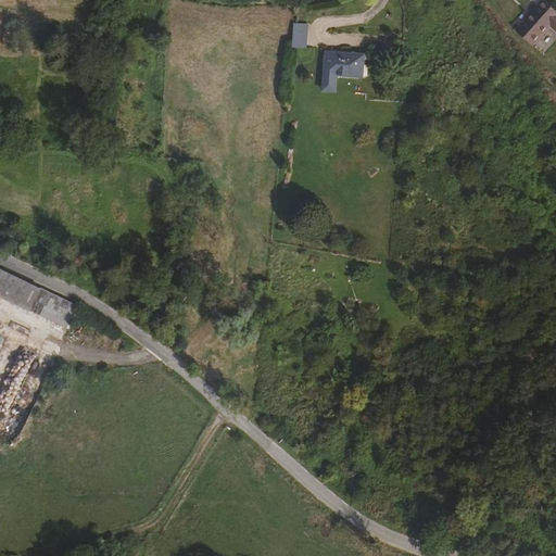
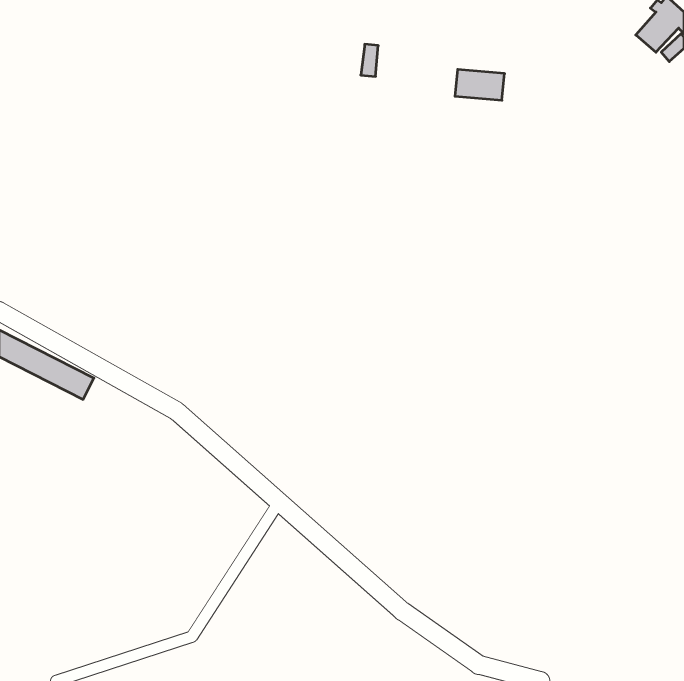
building: [321,52,362,77] -> [455,69,505,100]

